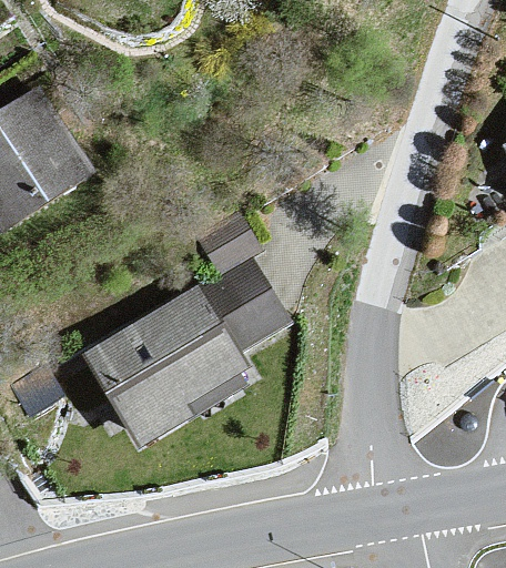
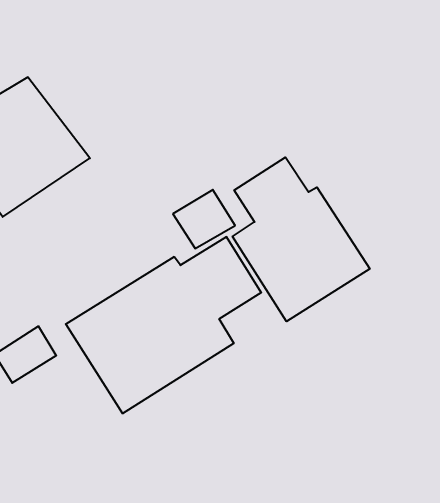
building: none -> [233,157,370,321]

